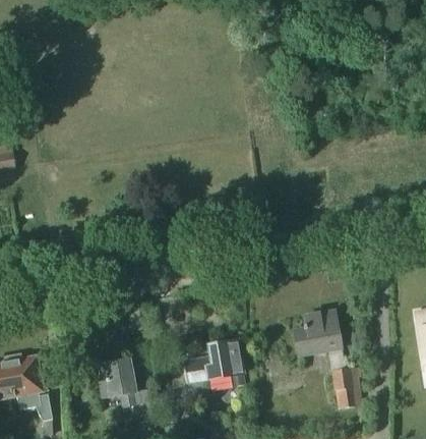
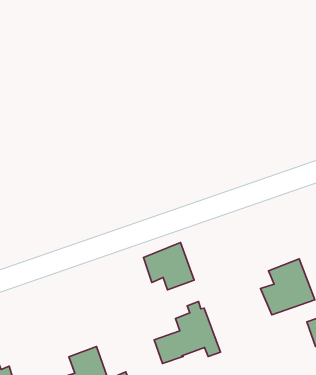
building: none -> [144,243,194,290]

